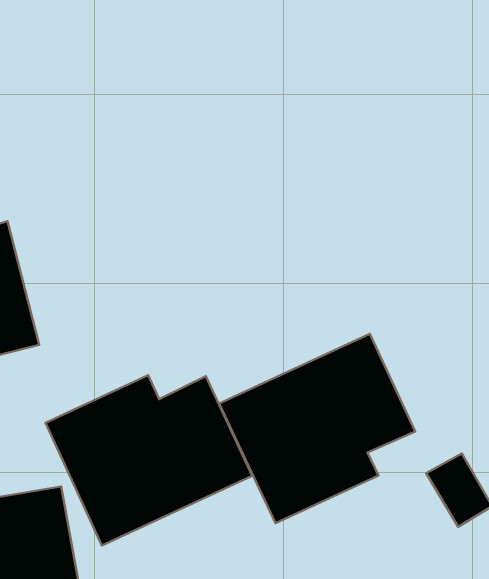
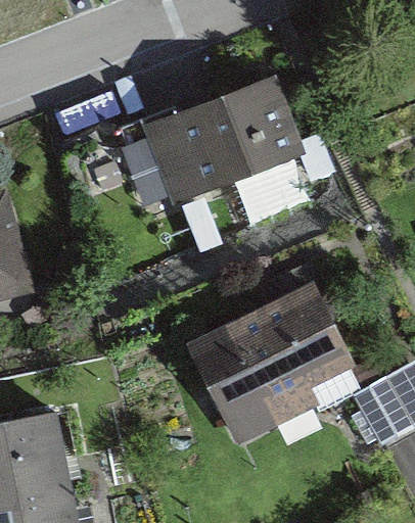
building: none -> [142,77,303,205]
building: [45,375,252,546] -> none

